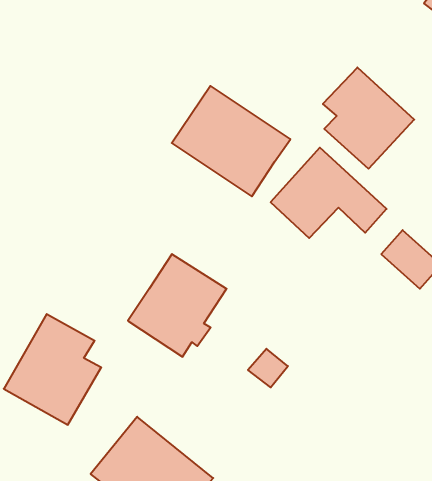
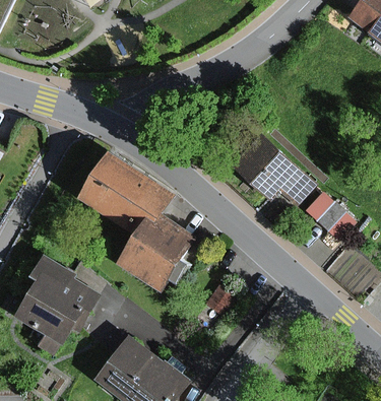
building: [323,67,414,169] -> none
building: [172,86,290,196] -> [74,151,165,236]

